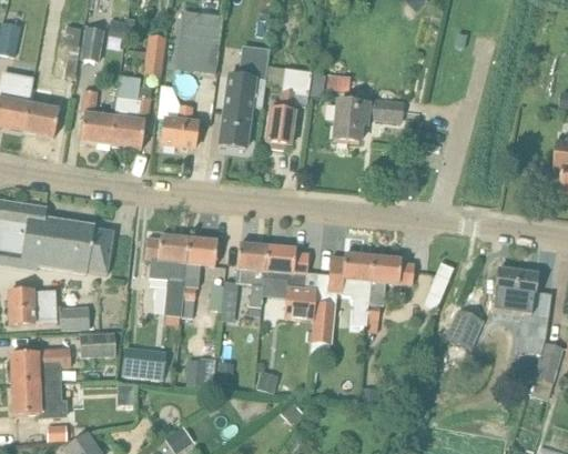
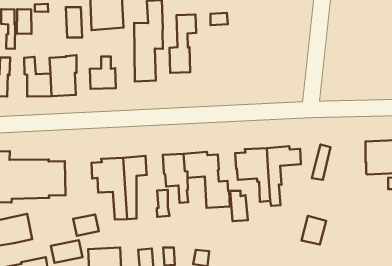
building: [333,99,402,141] -> none
building: [59,305,89,329] -> [73,214,99,236]
building: [445,309,480,347] -> [302,216,326,244]

